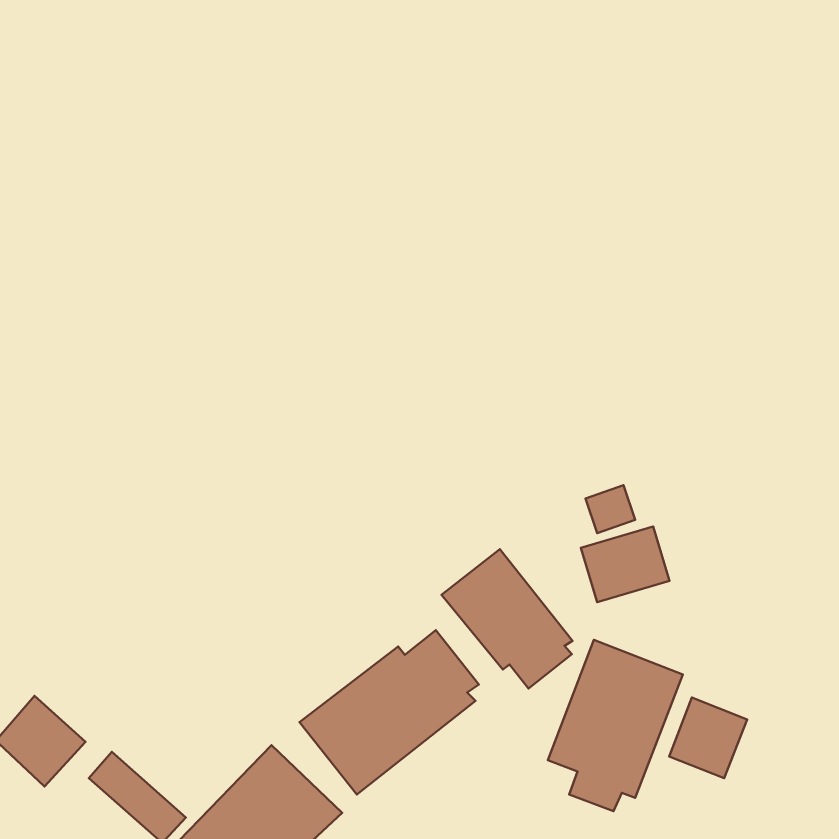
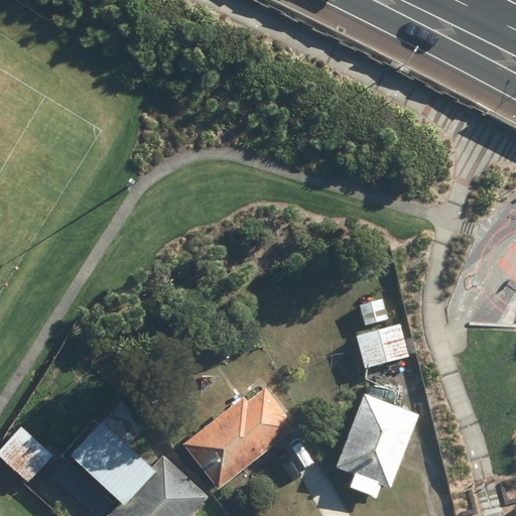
building: [442,549,573,689] -> none
building: none -> [71,420,153,502]
building: [669,698,747,778] -> none

